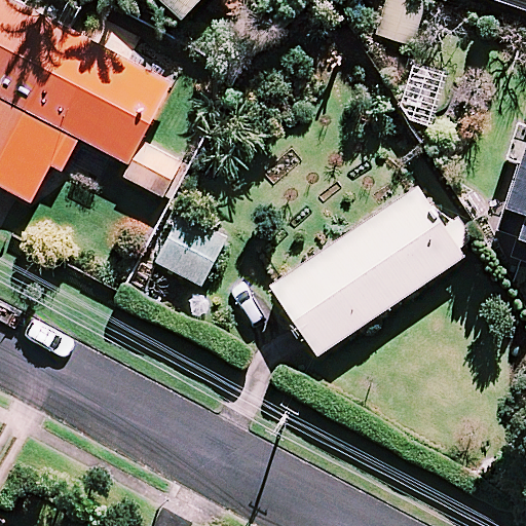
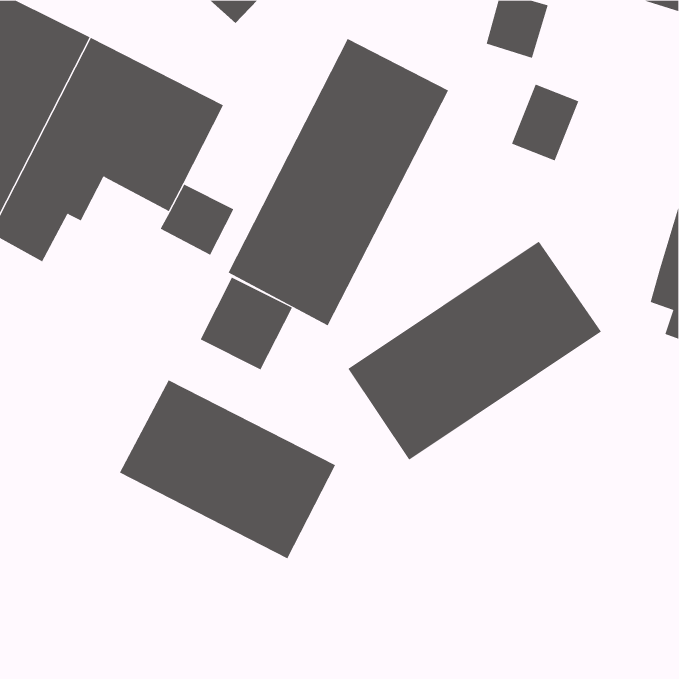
building: none -> [228,38,449,326]
building: none -> [119,380,336,559]

